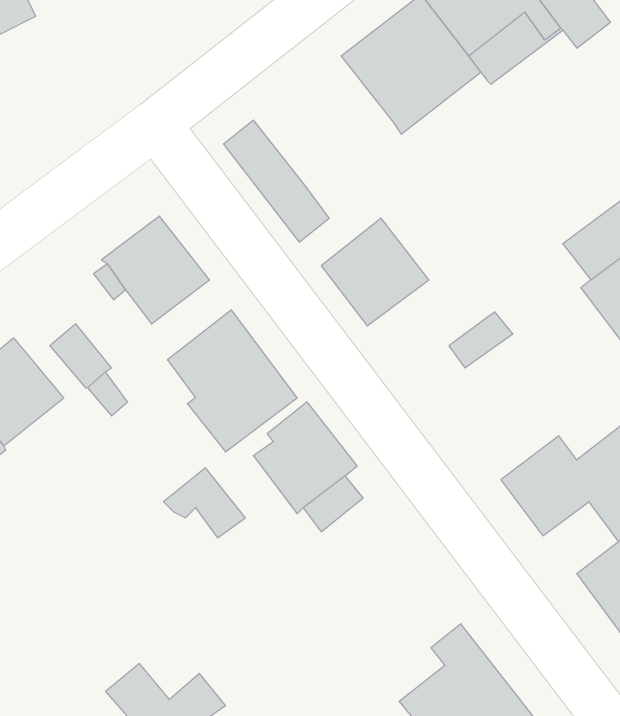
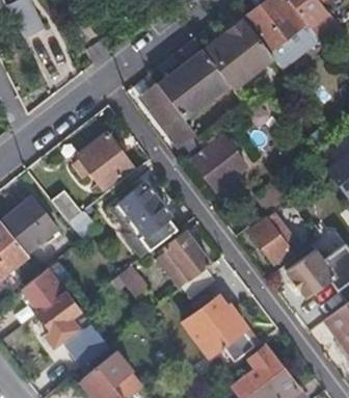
building: none -> [157,50,229,118]
building: none -> [249,212,298,262]
building: none -> [37,271,107,366]
building: none -> [182,295,259,361]

